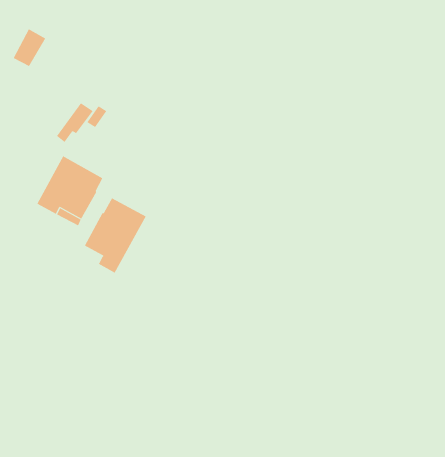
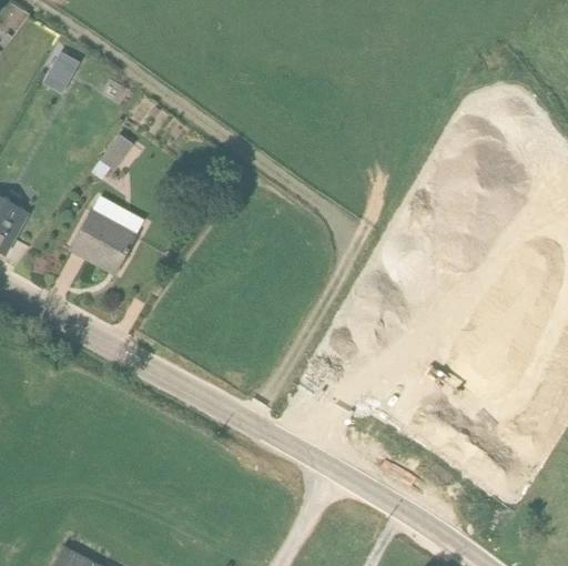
building: [84,197,147,274] -> none

